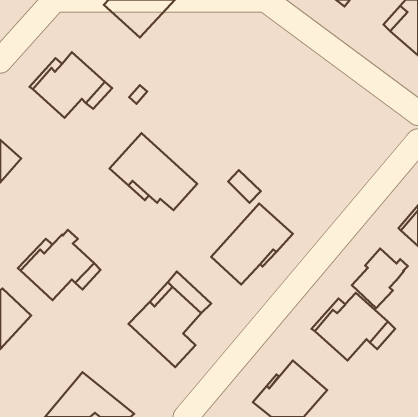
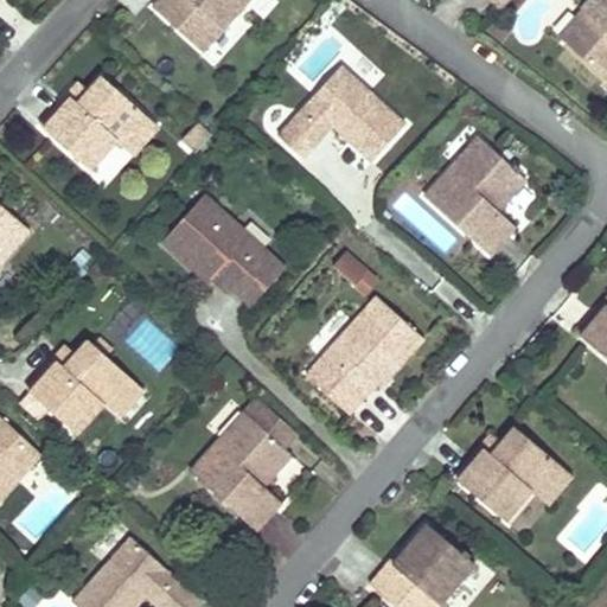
building: none -> [277,69,405,164]
building: none -> [424,135,526,255]
building: [352,248,408,308] -> none

